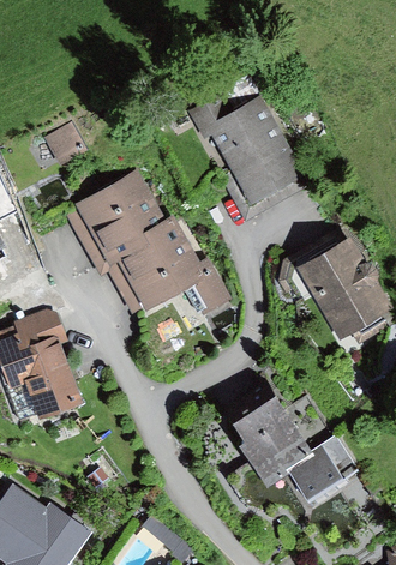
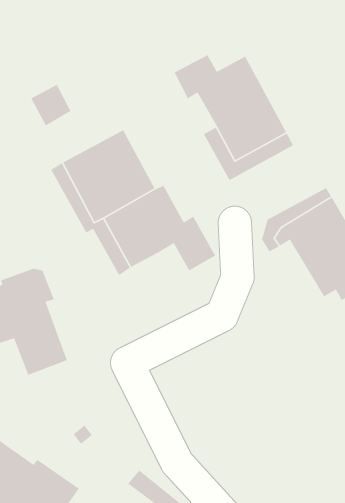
building: [233,396,355,501] -> none

